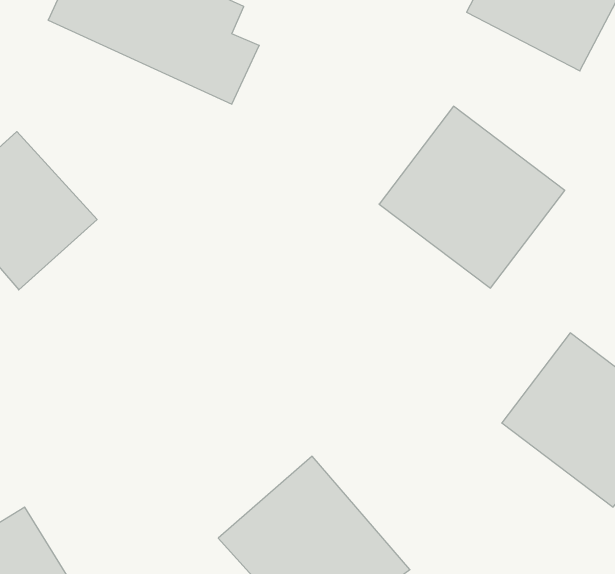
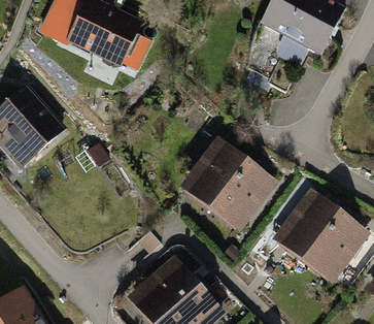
building: [379,106,565,288] -> [179,138,277,234]

